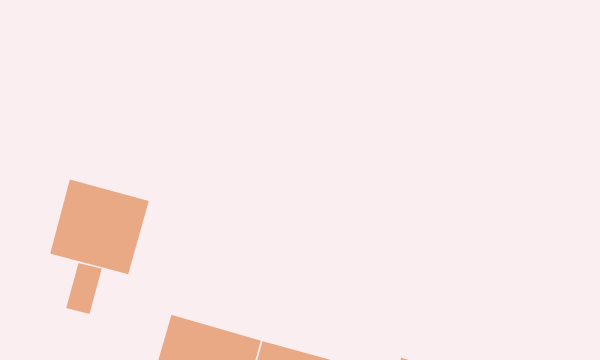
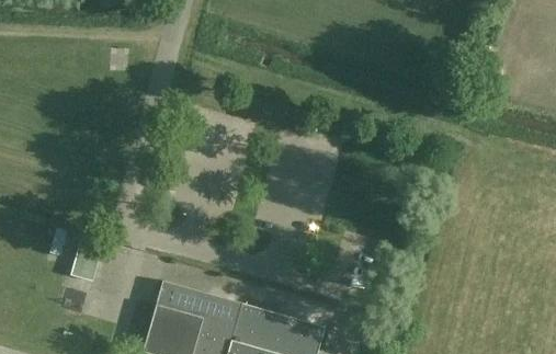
building: [49,179,150,275] -> none

